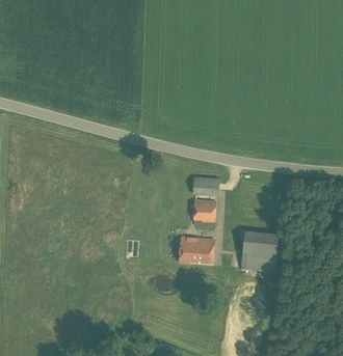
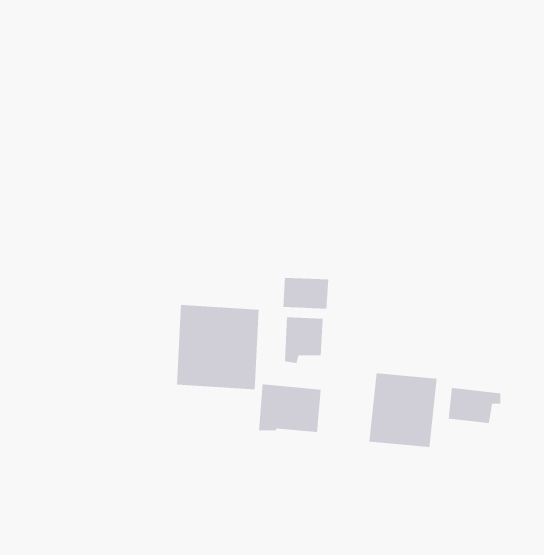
building: none -> [177,304,259,390]
building: none -> [448,387,501,424]

